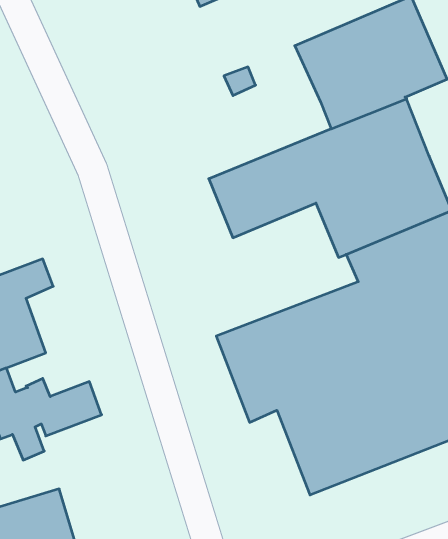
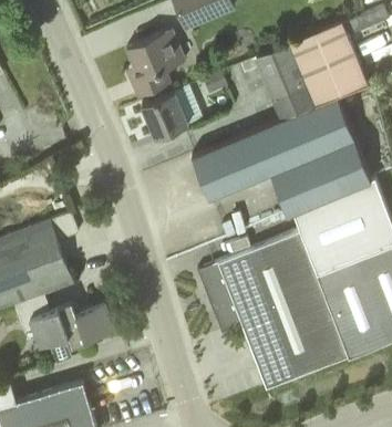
building: none -> [126,32,184,100]
building: none -> [141,93,187,139]

